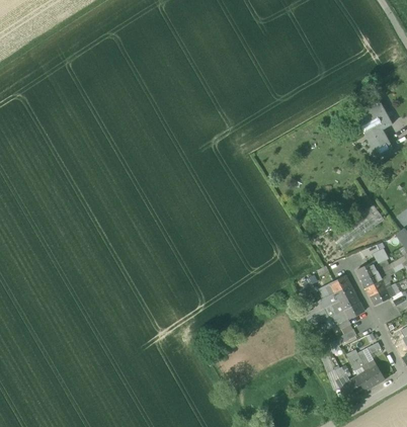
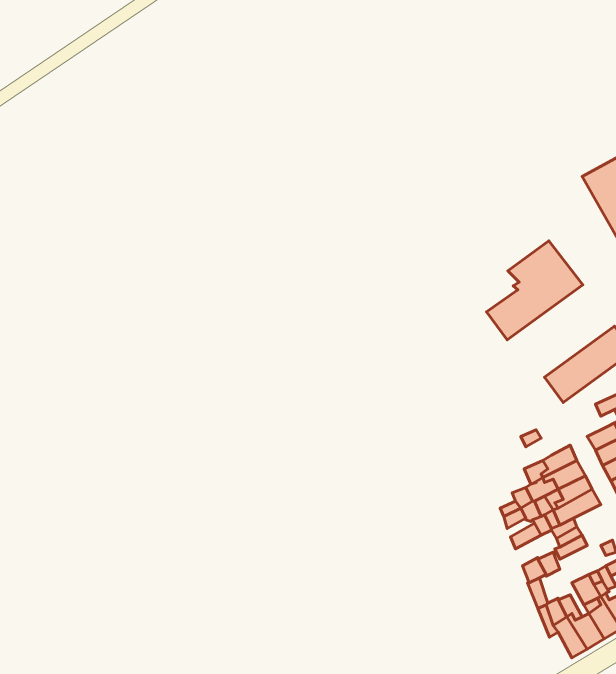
building: none -> [487,241,583,340]

